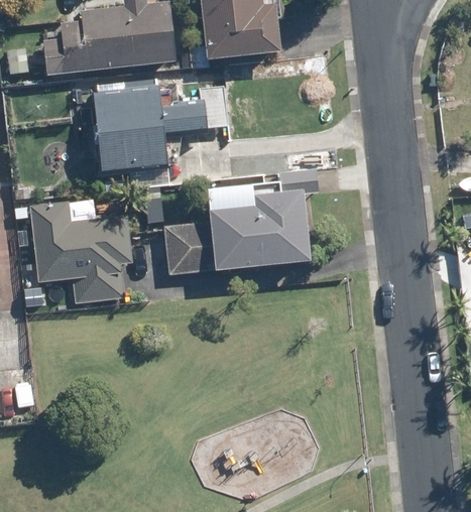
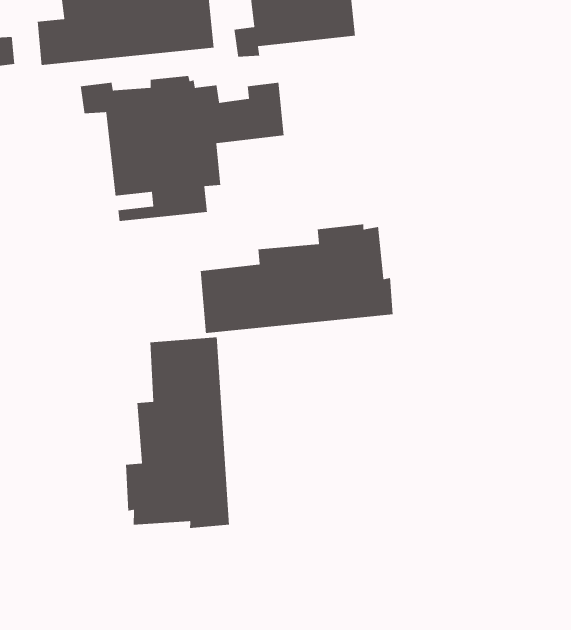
building: [32,204,131,301] -> none
building: none -> [125,337,230,529]

